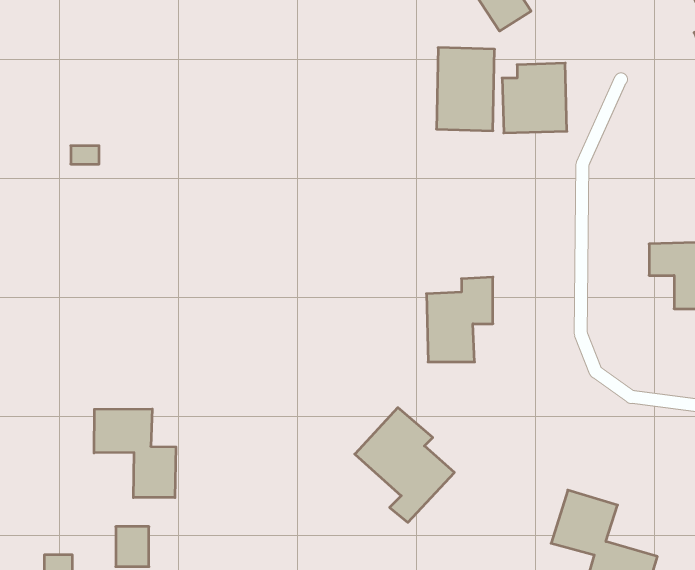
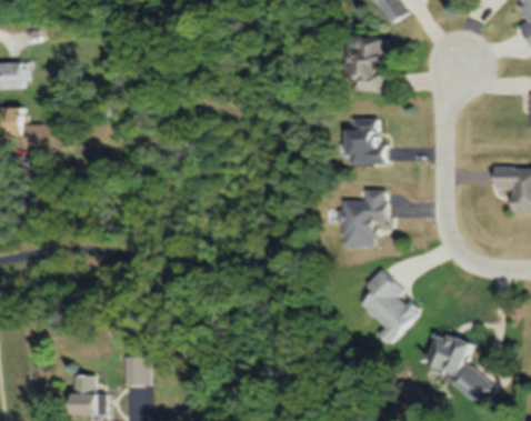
building: [502,63,567,133] -> [342,119,385,166]
building: [355,408,454,522] -> [352,269,419,345]
building: [94,409,176,498] -> none

